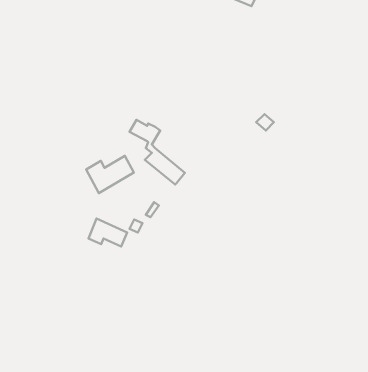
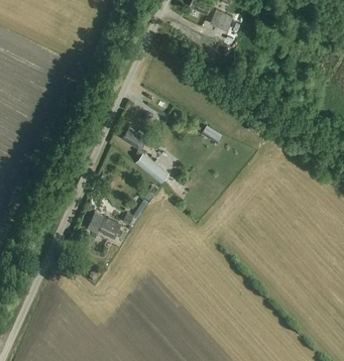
building: [86,156,134,193] -> none

